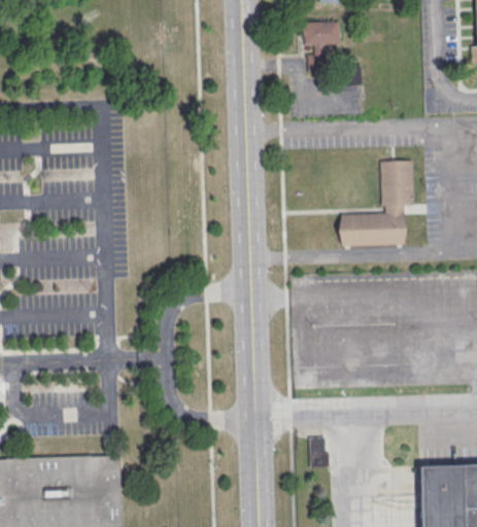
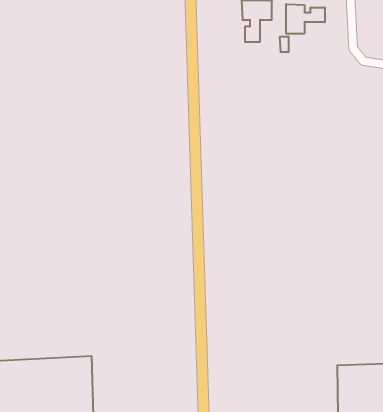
building: none -> [286,4,325,34]
building: [339,160,413,244] -> none

